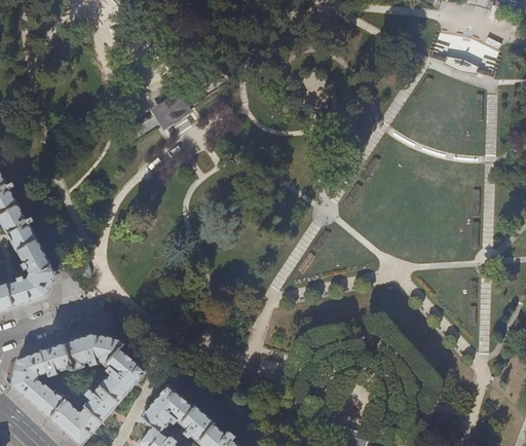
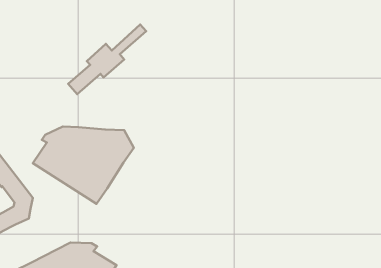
building: none -> [33,126,134,204]

